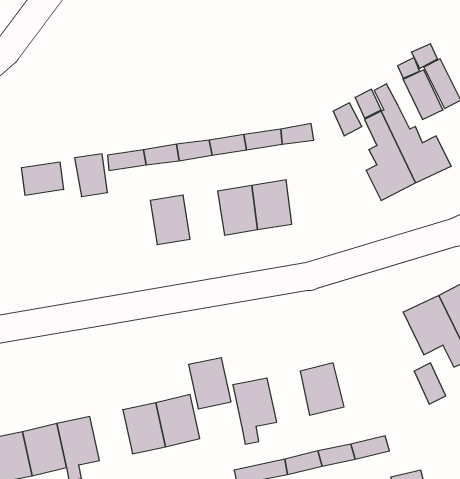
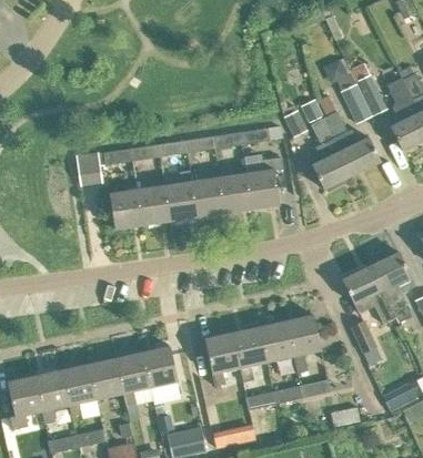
building: none -> [246,157,282,208]
building: [22,162,64,195] -> none
building: none -> [163,182,197,221]
building: none -> [109,190,142,230]
building: none -> [284,315,320,374]
building: [188,358,231,409] -> [231,327,265,368]
building: none -> [88,358,122,399]

